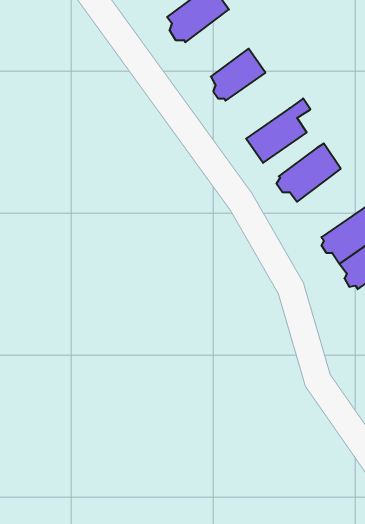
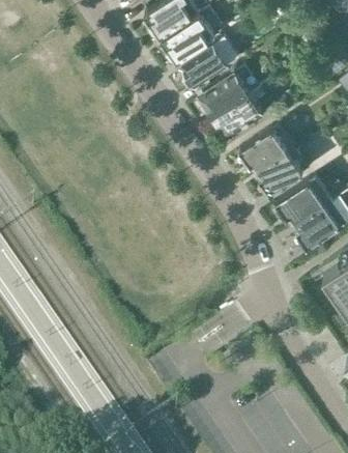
building: none -> [161,13,215,62]
building: none -> [197,73,249,119]
building: none -> [255,144,308,196]

